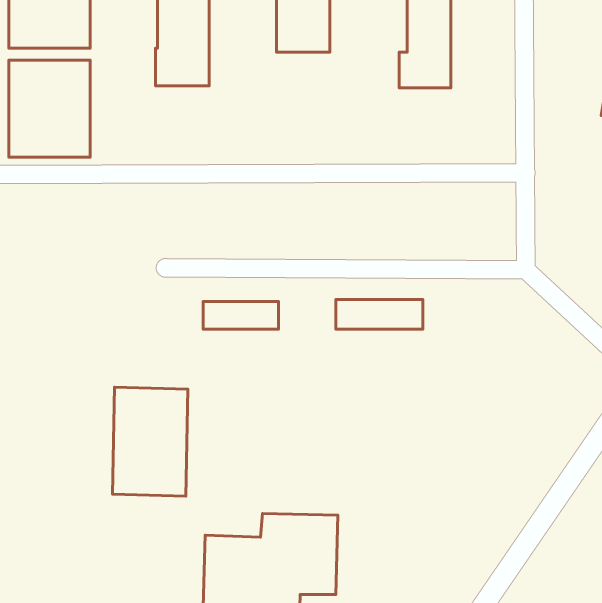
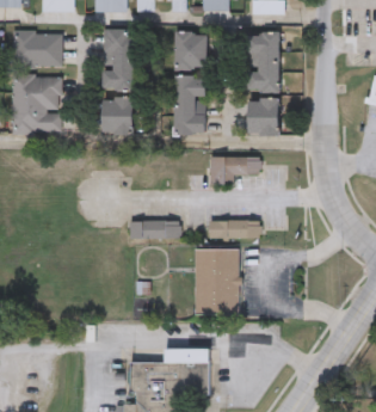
building: none -> [173,74,204,133]
building: none -> [100,97,131,133]
building: none -> [247,98,277,133]
building: none -> [208,154,263,183]
building: [113,387,188,496] -> [195,247,240,313]

